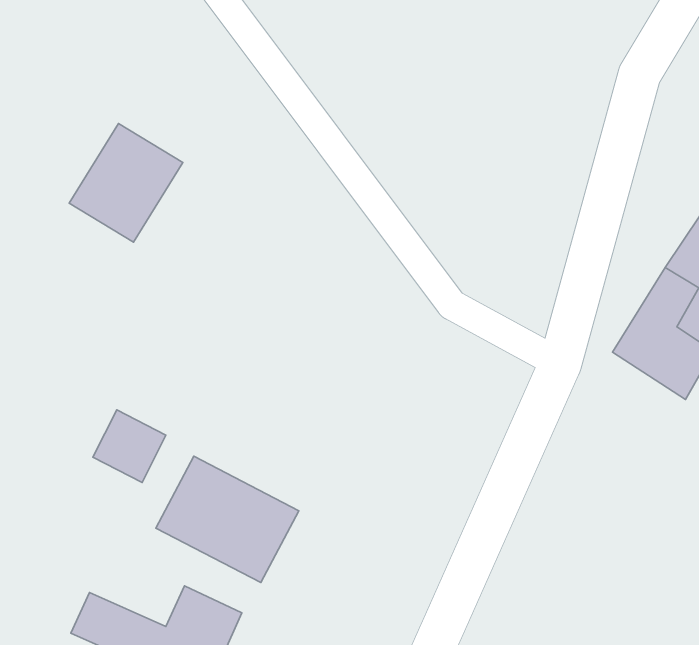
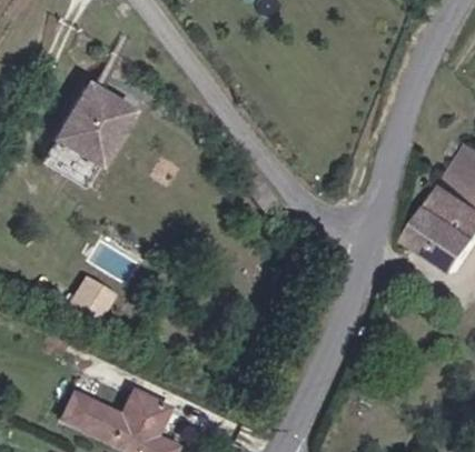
building: none -> [44,135,99,180]
building: [156,456,299,582] -> none

